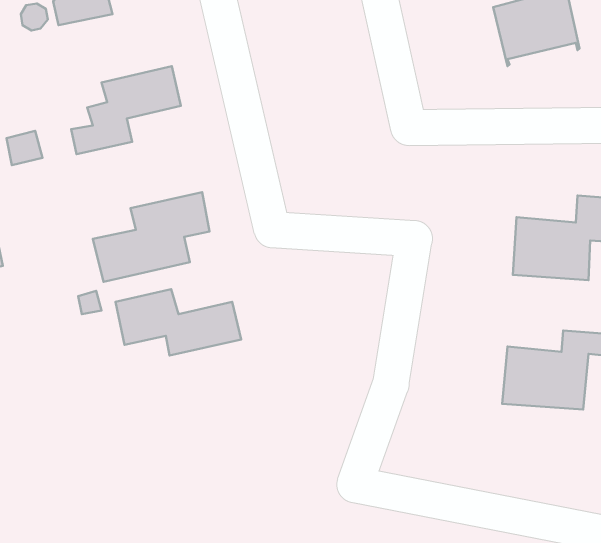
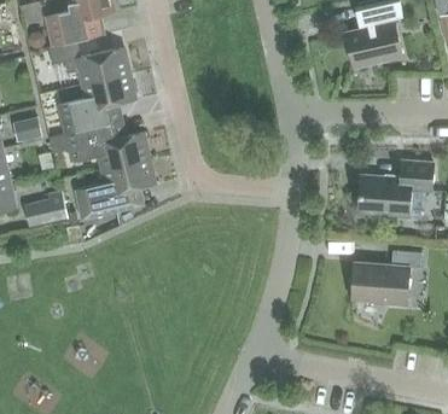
building: none -> [48,41,129,84]
building: none -> [23,191,66,228]
building: [116,289,241,356] -> [65,124,150,169]

